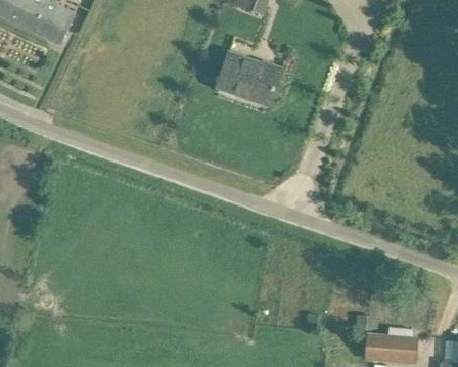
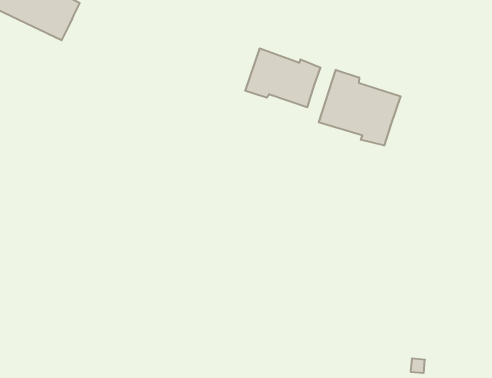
building: none -> [319,70,401,146]

